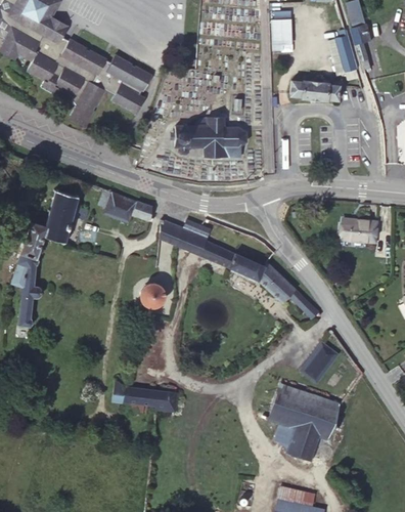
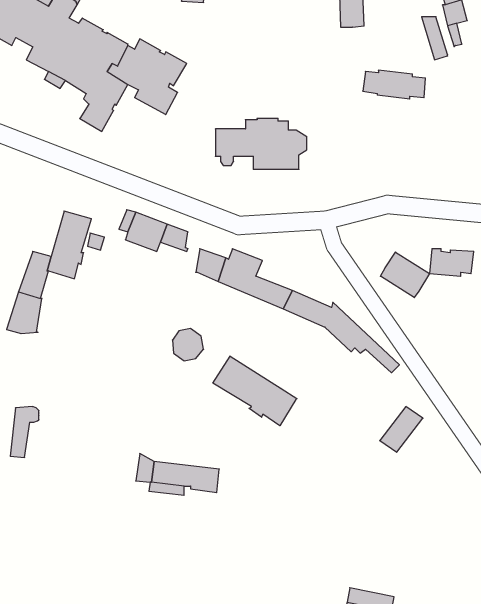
building: none -> [380,252,429,298]
building: [17,286,40,326] -> [10,407,39,457]
building: none -> [213,356,297,426]
building: [268,383,340,461] -> none

